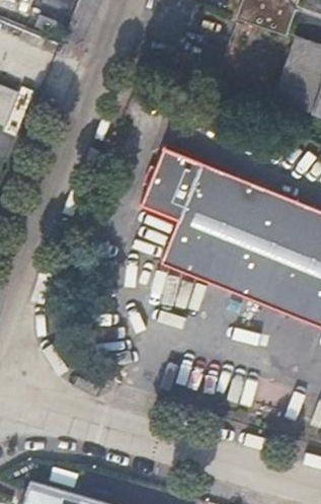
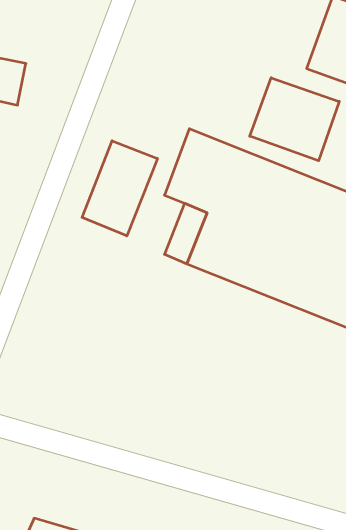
building: none -> [250,78,339,161]
building: none -> [82,141,157,236]

